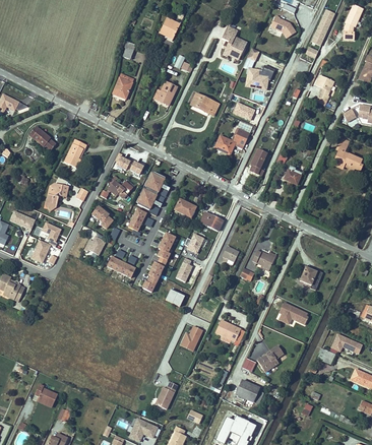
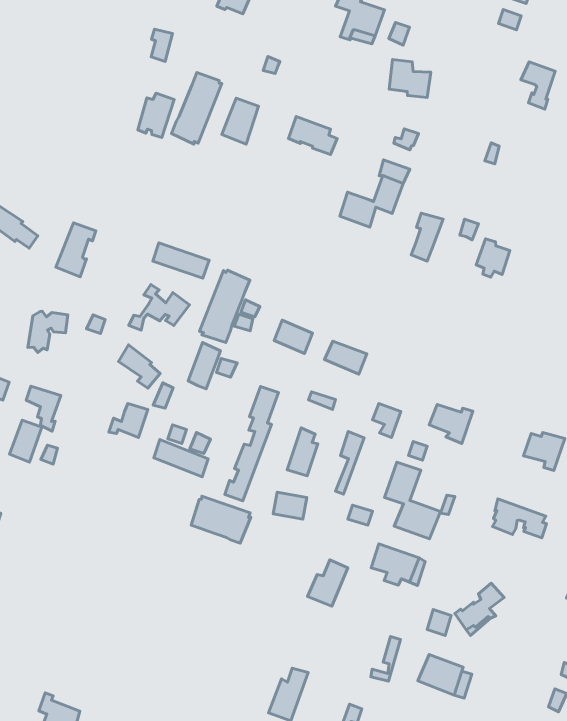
building: none -> [172,73,222,144]
building: none -> [384,462,441,539]
building: none -> [191,496,251,543]

